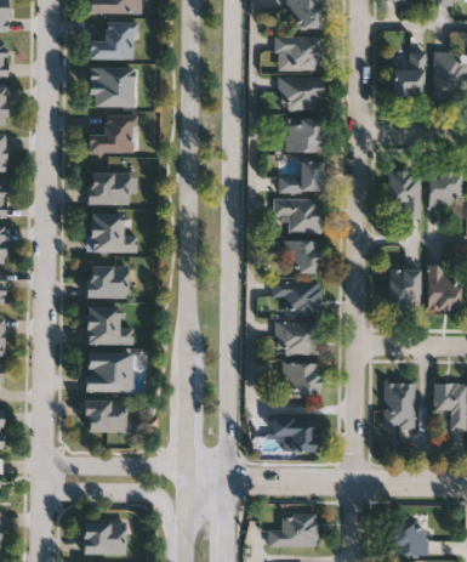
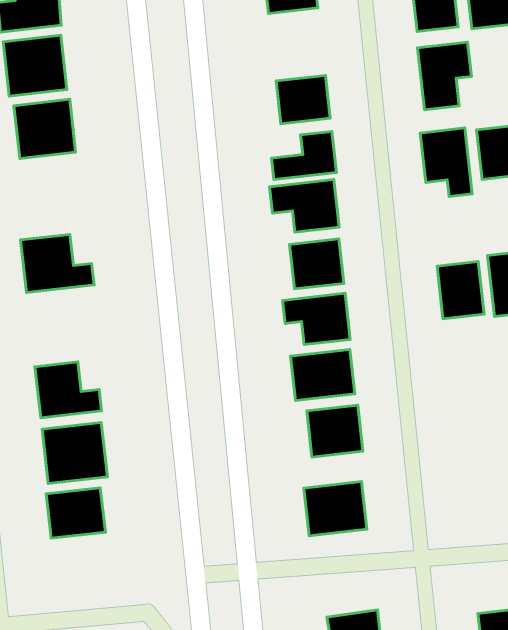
building: [277,76,323,109] -> none
building: none -> [418,42,471,110]
building: [89,172,131,205] -> none
building: [87,266,127,297] -> none
building: [383,381,414,426] -> none

